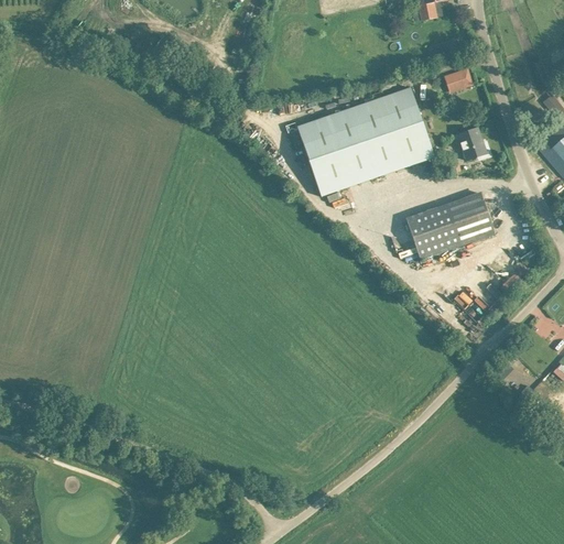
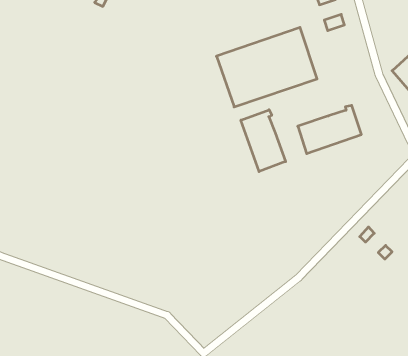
building: [455,127,491,160] -> none
building: none -> [241,110,286,172]

